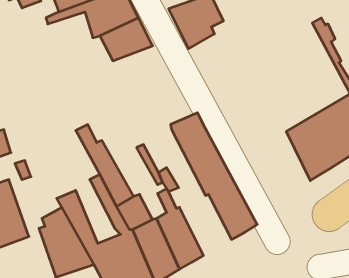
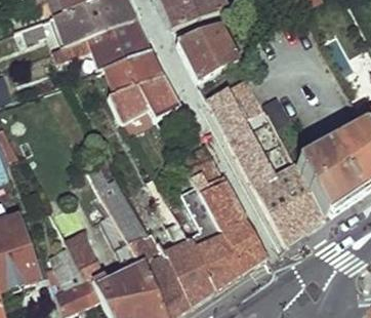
building: none -> [106,76,177,121]
building: none -> [208,85,325,244]
building: none -> [191,233,242,291]

